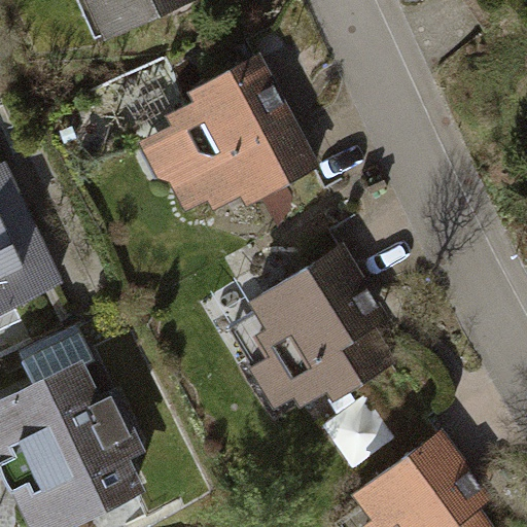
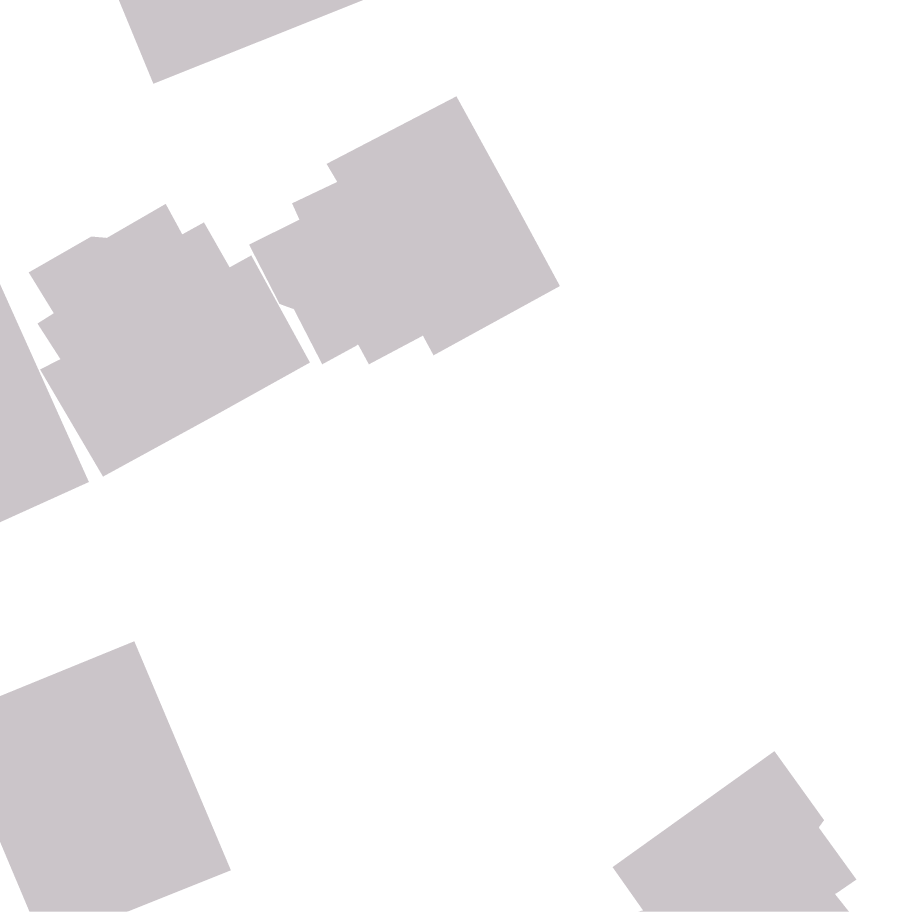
building: none -> [28,203,311,478]
building: [236,246,412,410] -> none

